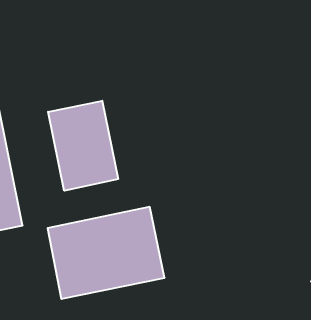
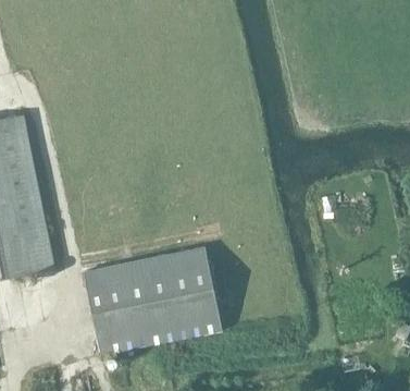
building: [48,101,118,191] -> none

